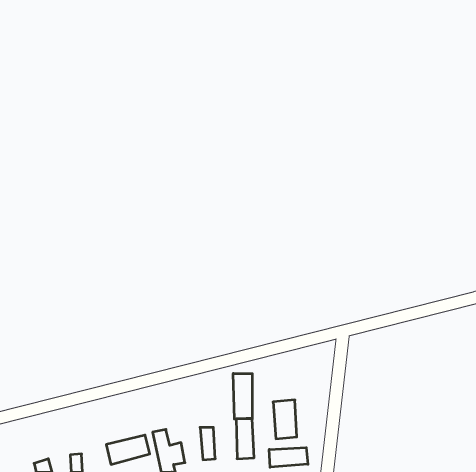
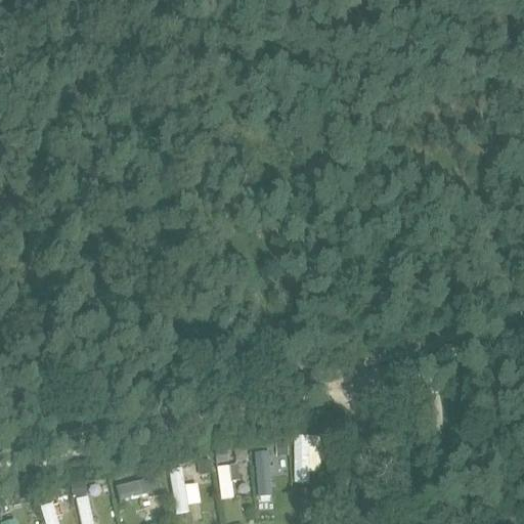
building: [233,373,252,419] -> none
building: [269,448,308,467] -> none

